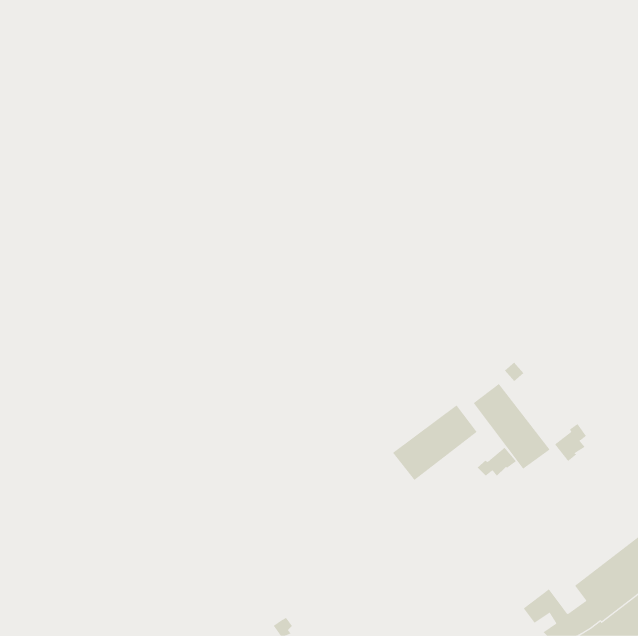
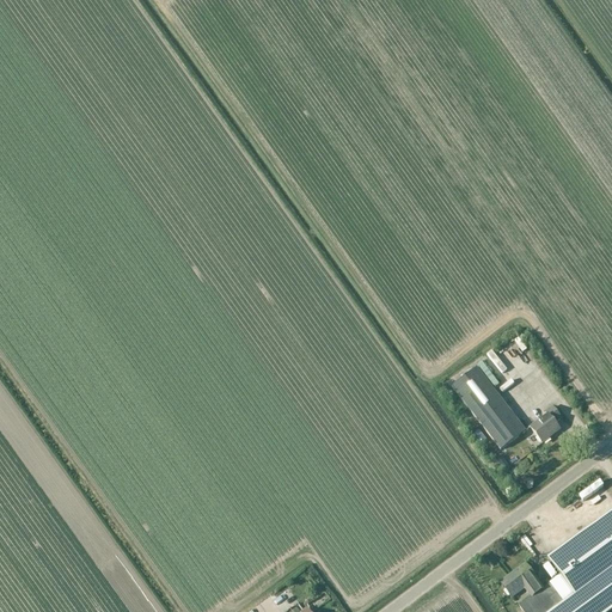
building: [392,404,478,481] -> none
building: [477,447,517,477] -> none

